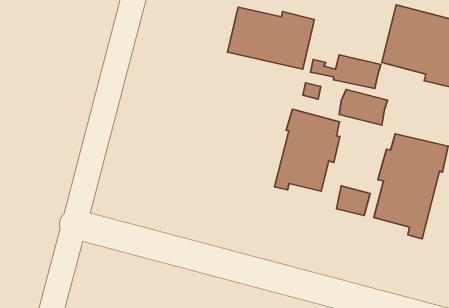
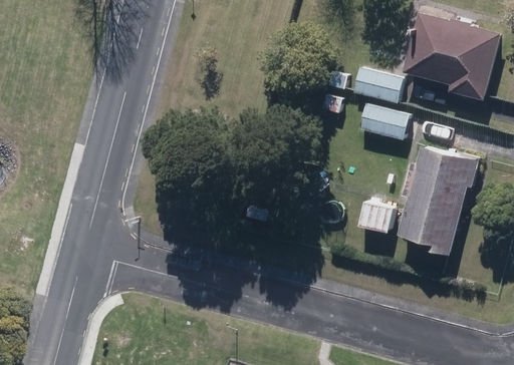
building: [228,7,314,69] -> none
building: [274,109,340,191] -> none

